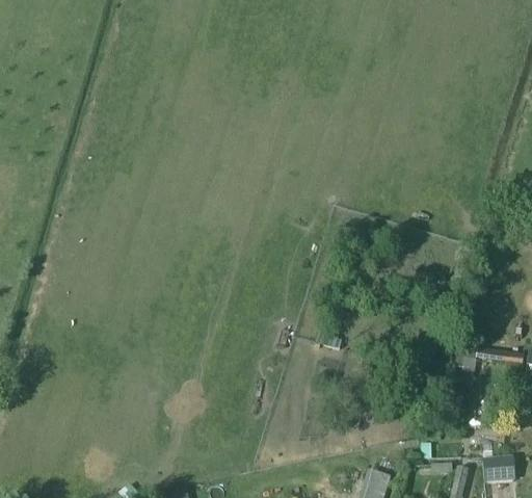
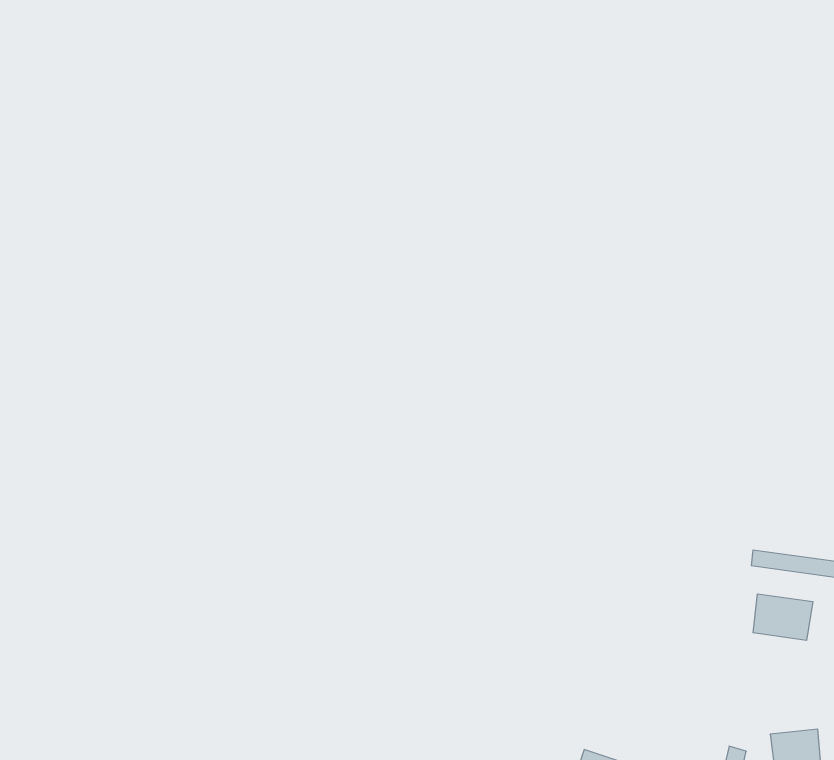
building: none -> [753,594,813,640]

